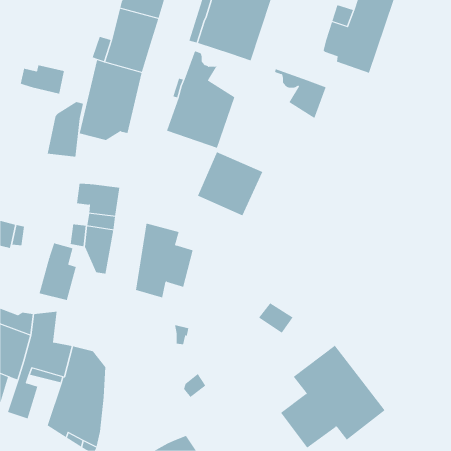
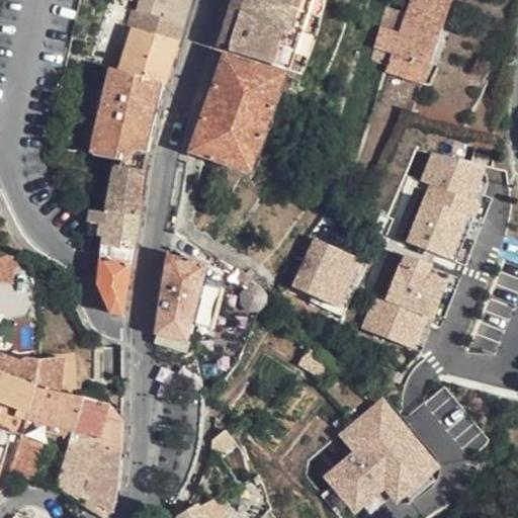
building: [20,64,64,94] -> none
building: [274,69,326,119] -> [223,54,282,111]
building: [47,102,84,157] -> [104,151,147,214]
building: none -> [402,149,487,259]
building: [197,151,263,216] -> [288,237,364,311]
building: none -> [366,252,447,349]
building: [39,242,77,301] -> none

